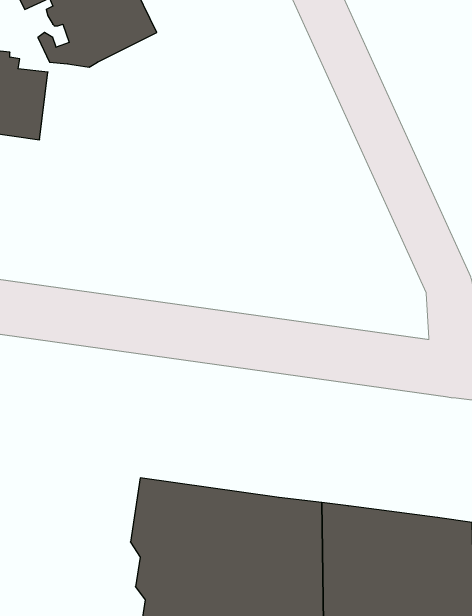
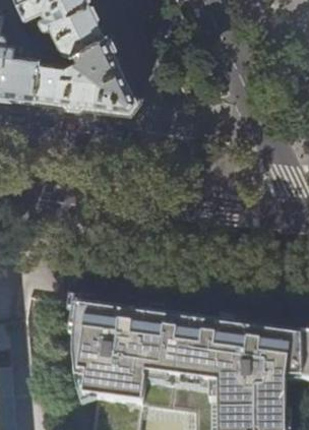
building: none -> [25,28,130,107]

